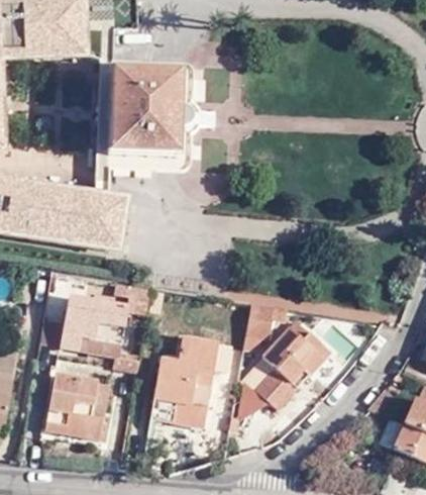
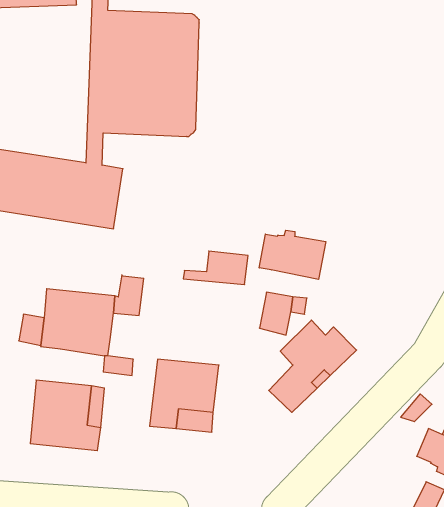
building: none -> [259,230,326,279]
building: [155,335,212,365] -> [183,251,248,285]

